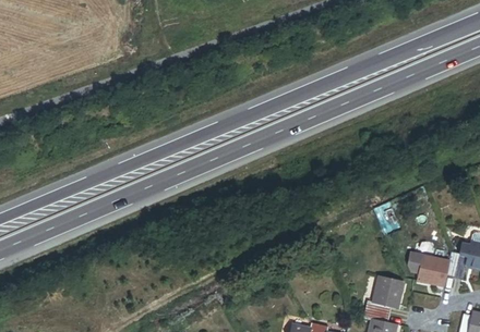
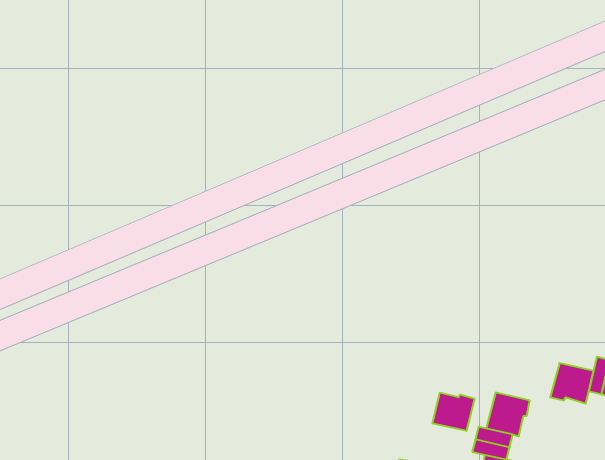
building: none -> [433,393,474,431]

